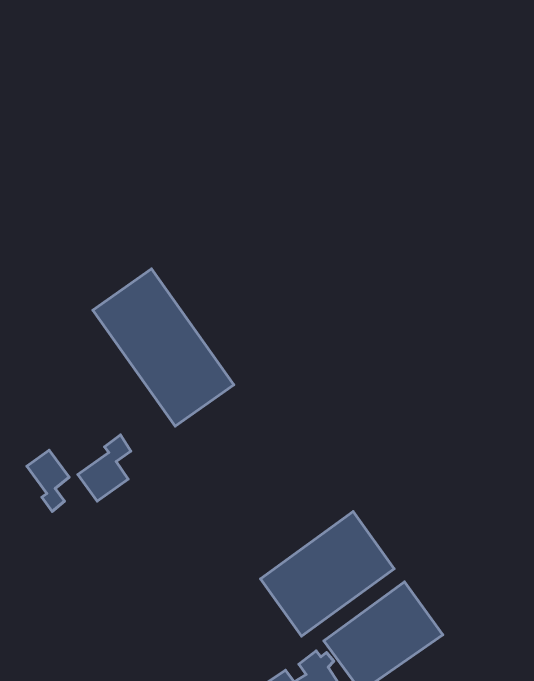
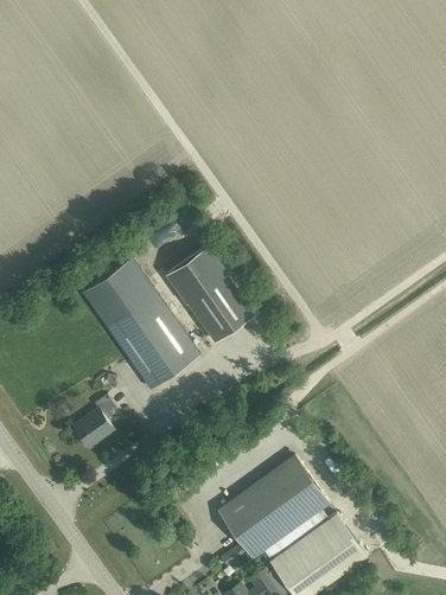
building: none -> [167,247,254,343]
building: [27,450,69,512] -> none

